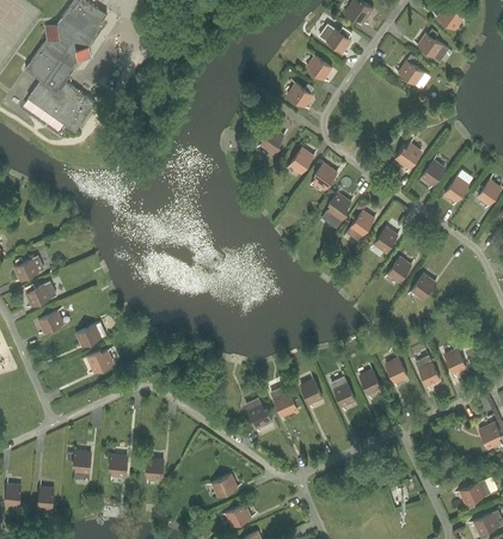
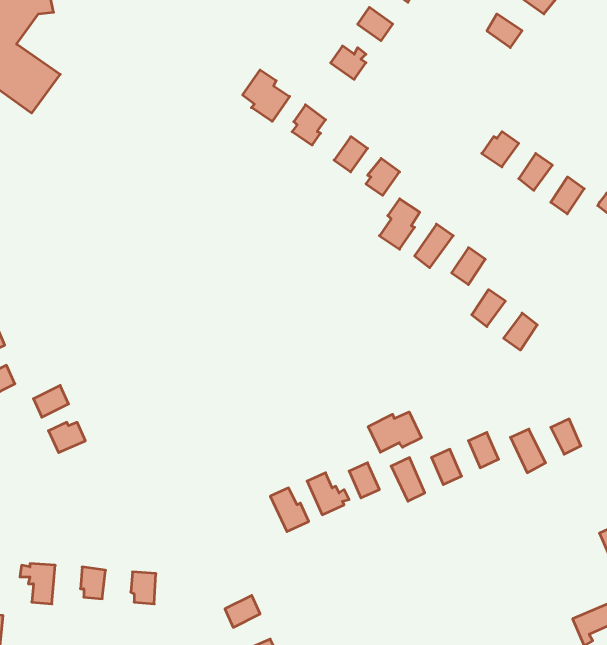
building: none -> [243,70,290,121]
building: none -> [368,412,421,452]

